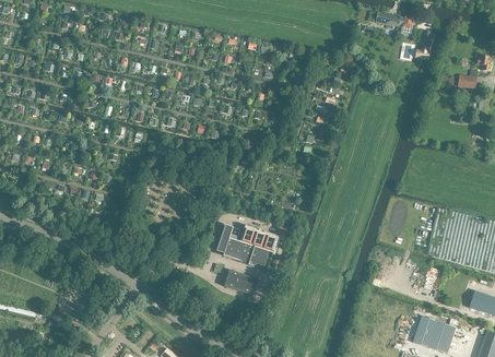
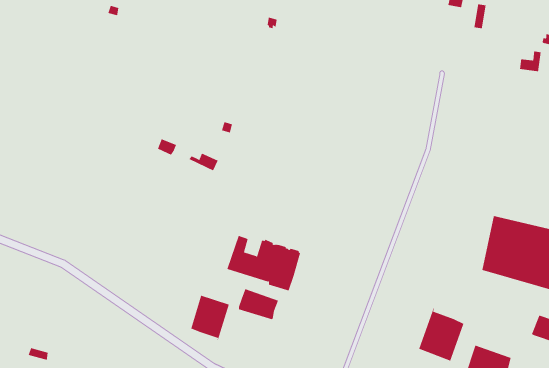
building: none -> [189,295,229,342]
building: none -> [418,307,466,361]

